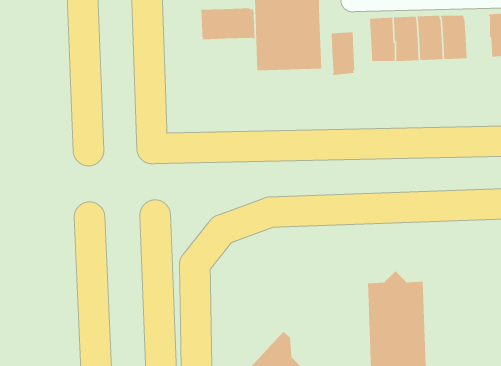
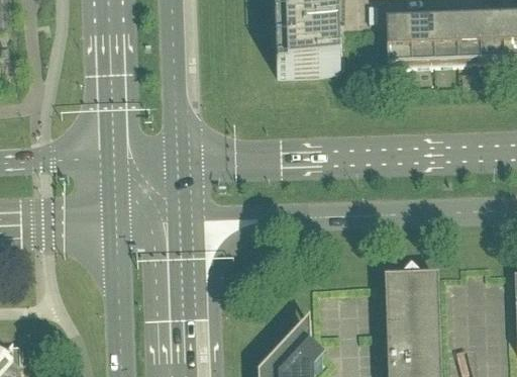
building: [201,8,255,40] -> none
building: none -> [479,15,505,59]
building: [331,32,355,76] -> none

